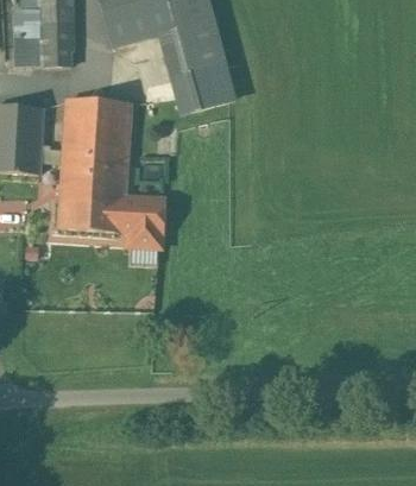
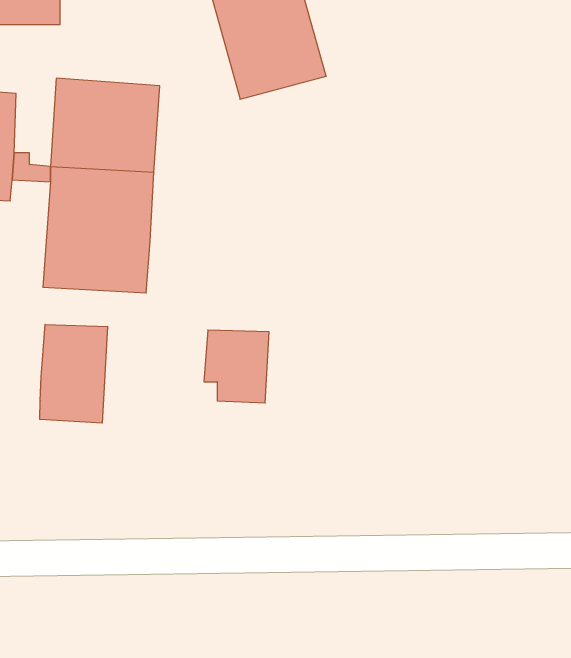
building: [122,198,163,244] -> [204,330,269,403]
building: none -> [40,324,108,423]

